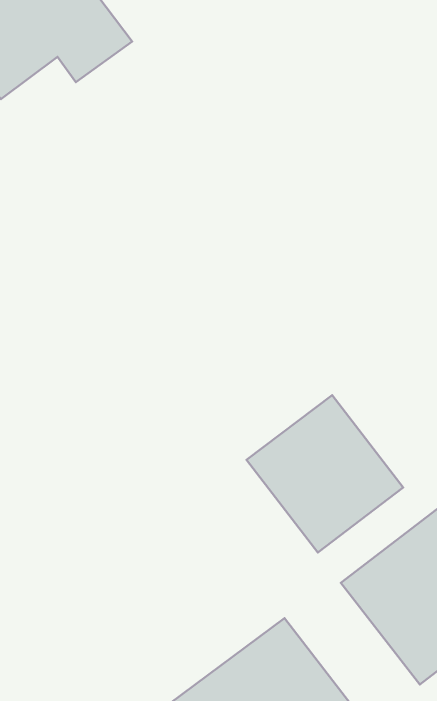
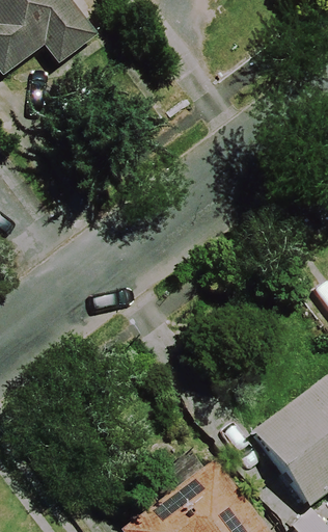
building: [247,395,403,552] -> none

